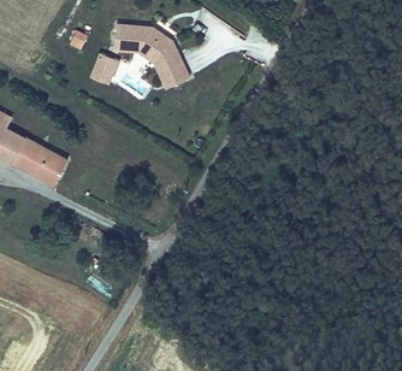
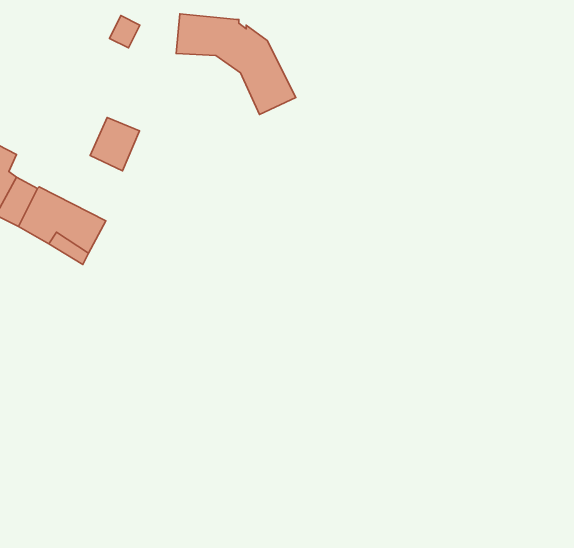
building: [91,51,123,84] -> [90,118,140,171]

